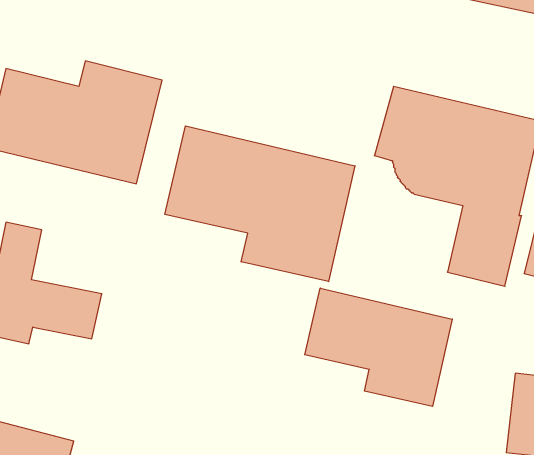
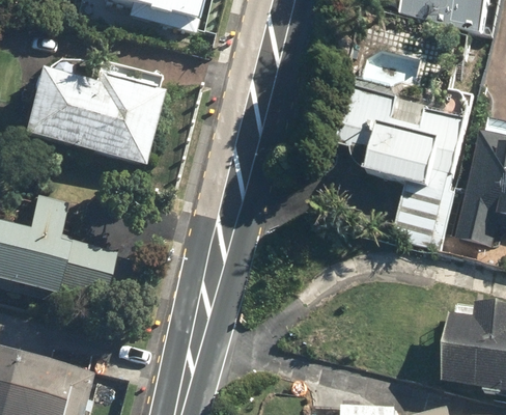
building: [165,126,355,282] -> none
building: [305,288,452,406] -> none

